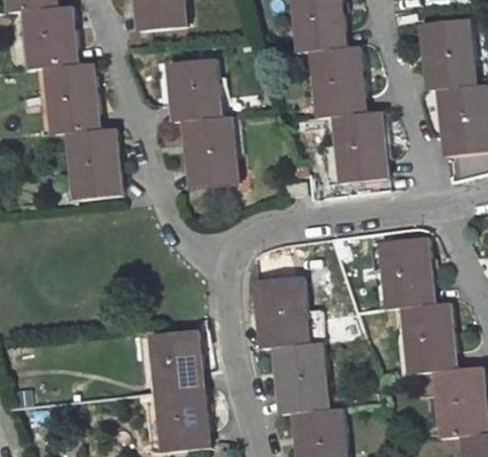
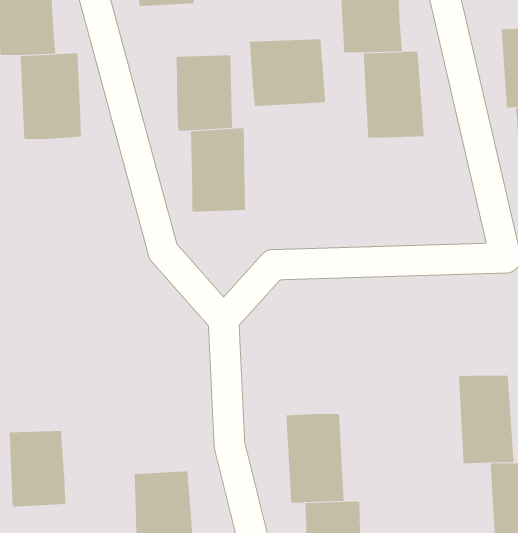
building: none -> [249,39,326,107]
building: [338,115,391,184] -> none
building: [71,132,120,202] -> none
building: [380,231,430,304] -> none
building: [256,275,300,342] -> none
building: [152,332,200,394] -> [9,430,66,507]

